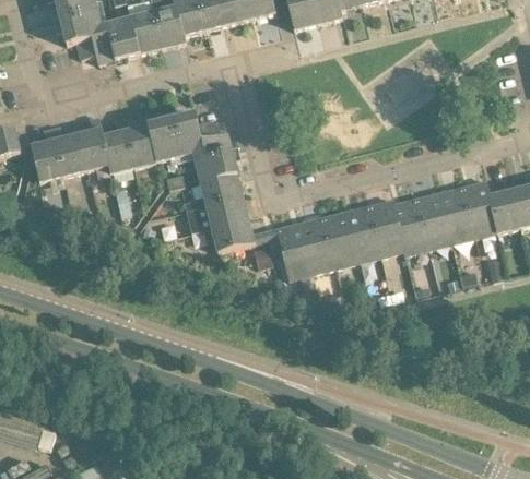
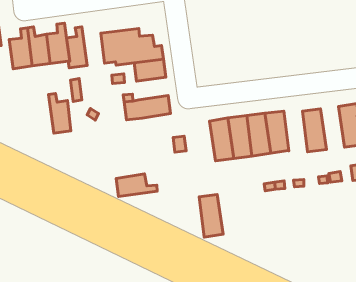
building: [121,117,155,168] -> [48,93,71,133]
building: [199,172,242,205] -> none
building: [439,187,475,243] -> none
building: [393,197,428,254] -> none
building: [211,218,266,251] -> [116,174,157,196]
building: [275,223,311,279] -> [199,194,223,237]

